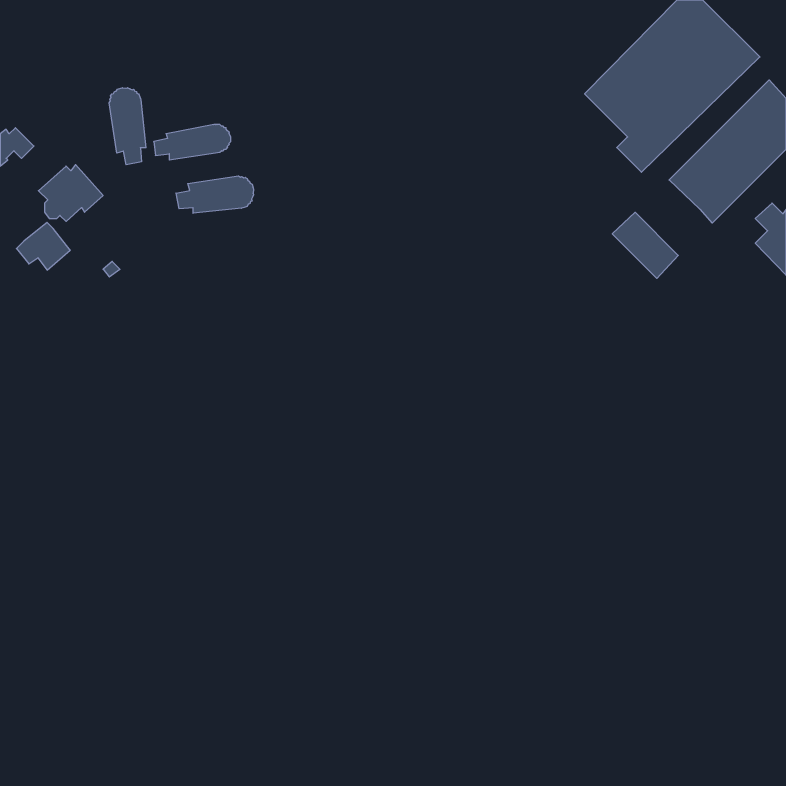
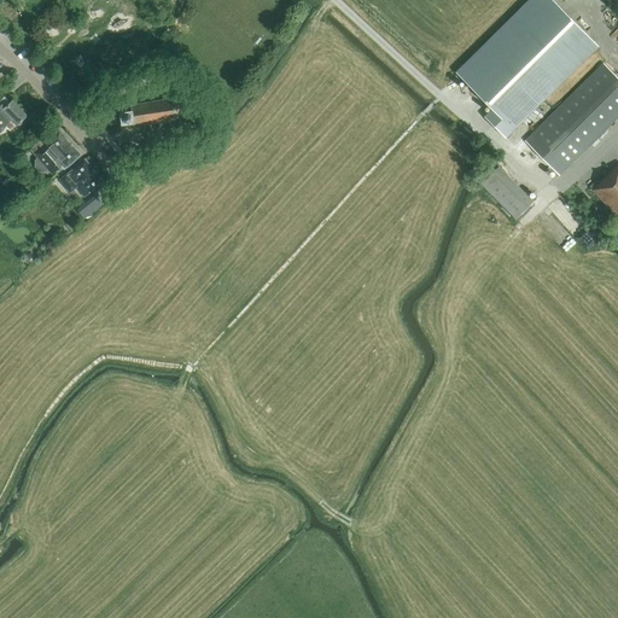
building: [109,88,146,165] -> none
building: [176,176,254,213] -> none
building: [16,222,70,270] -> [60,159,103,197]

